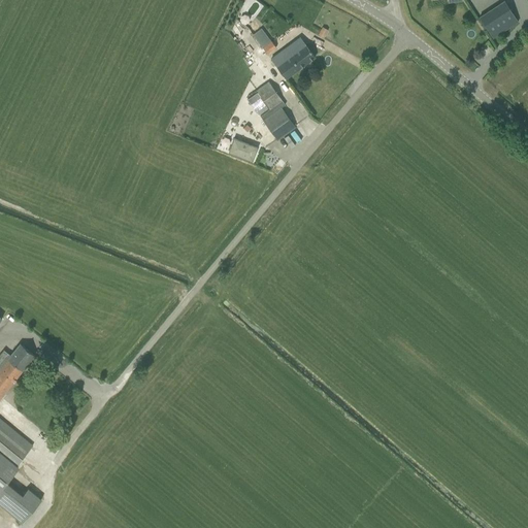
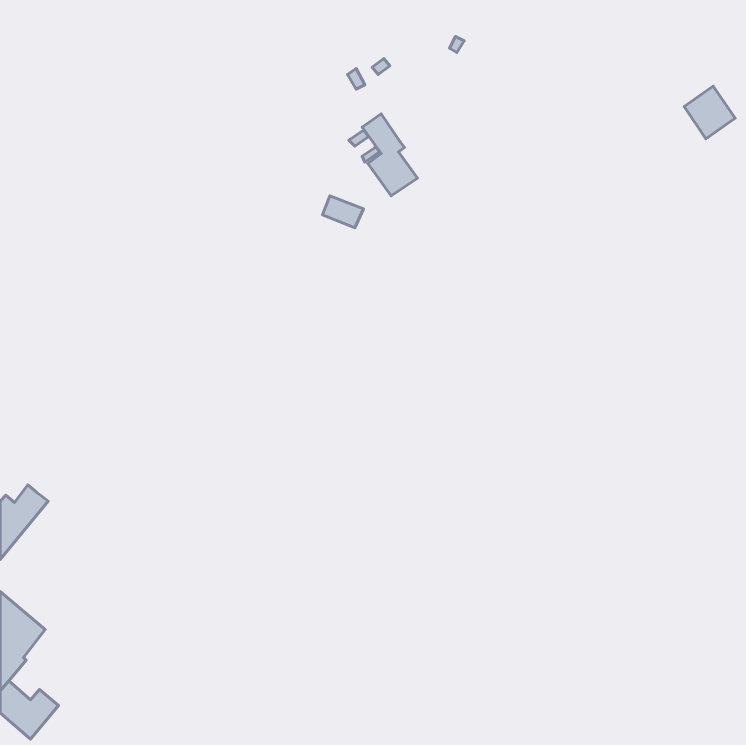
building: [482,4,518,41] -> [684,86,735,139]
building: [271,43,315,77] -> none

